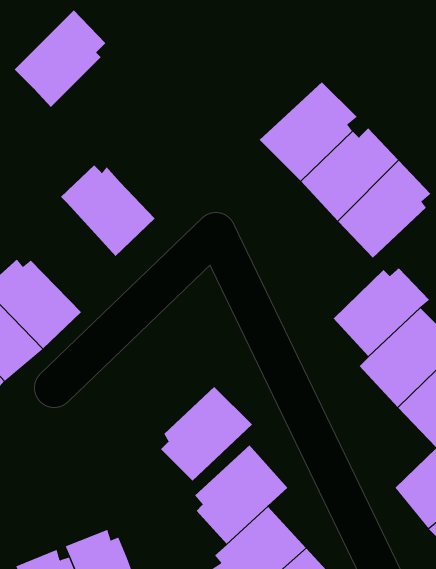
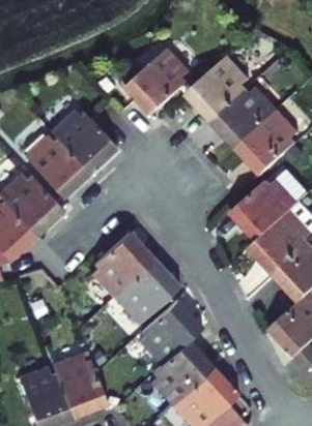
building: [14,9,106,108] -> [122,50,185,116]
building: none -> [22,136,85,197]
building: none -> [90,233,151,298]

